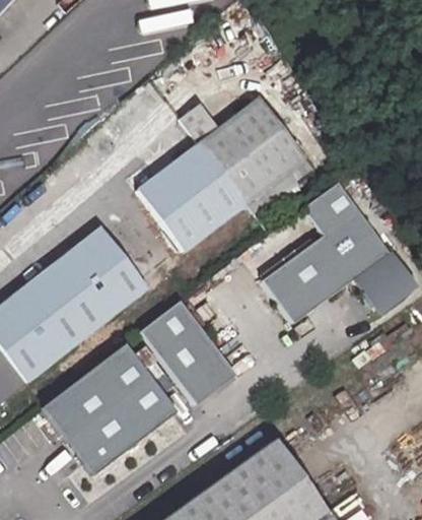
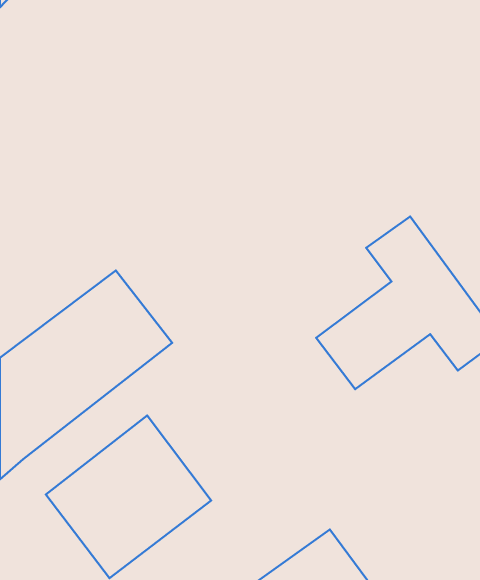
building: [142,100,314,250] -> none
building: [141,303,237,407] -> none

